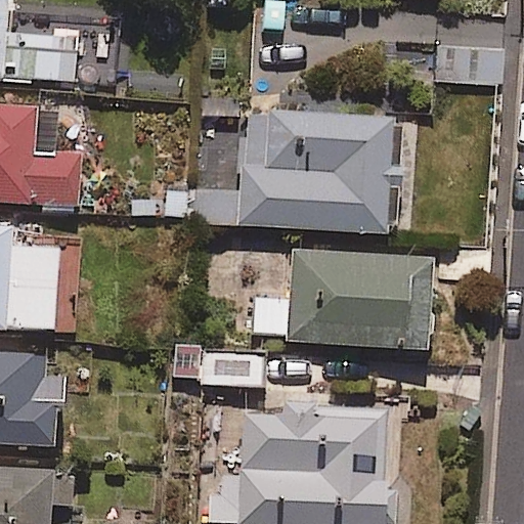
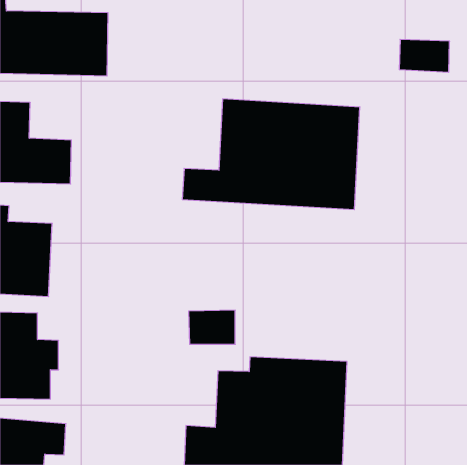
building: [250,249,434,351] -> none

